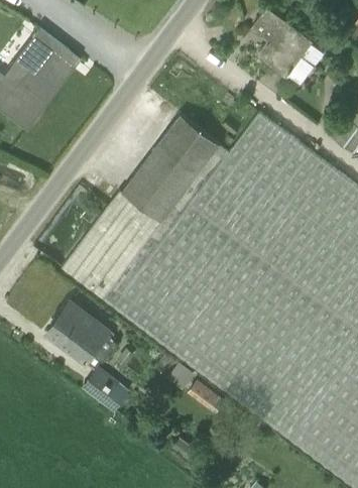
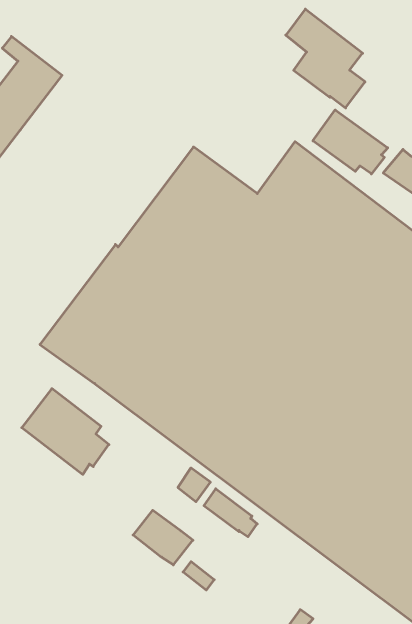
building: none -> [313,110,388,174]
building: [84,369,130,411] -> [133,510,193,565]

